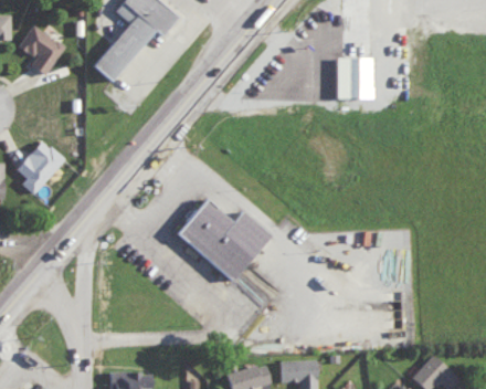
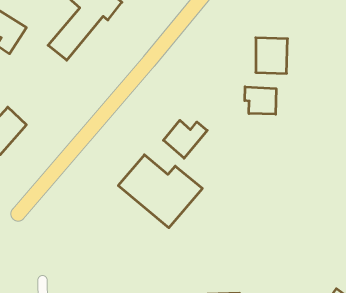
building: none -> [245,87,276,114]
building: none -> [163,120,207,158]

